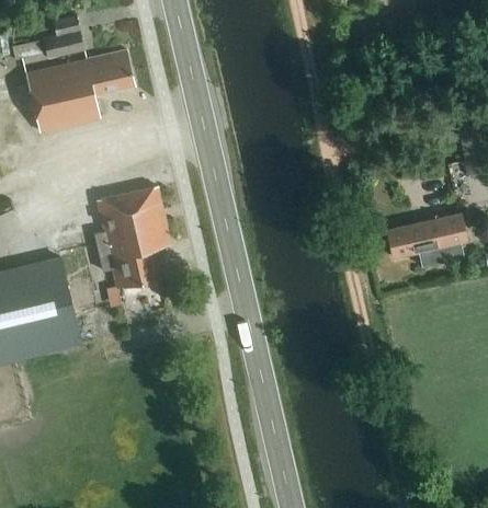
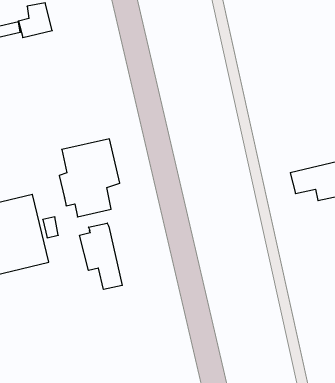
building: [25,49,134,131] -> none
building: none -> [80,223,122,289]

